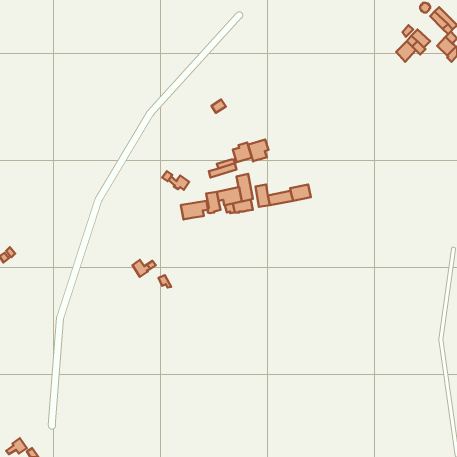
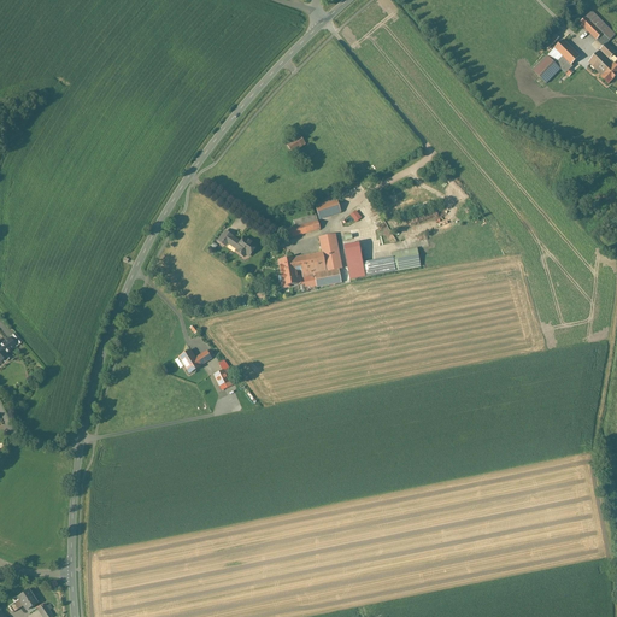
building: [248,140,268,161] -> none
building: [181,201,208,219] -> none

